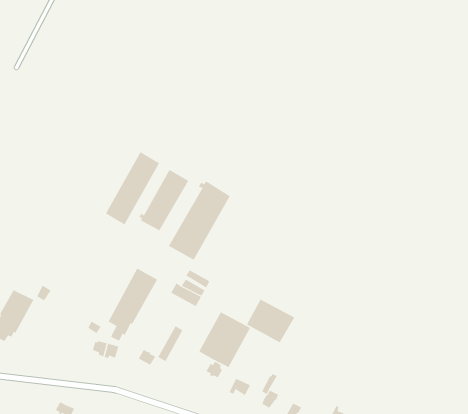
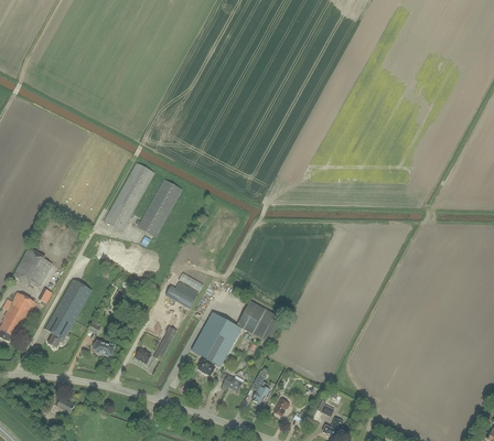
building: [168,181,230,260] -> none
building: none -> [11,246,52,287]
building: [108,268,158,341] -> [44,278,92,347]

